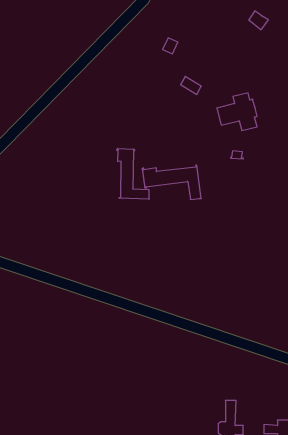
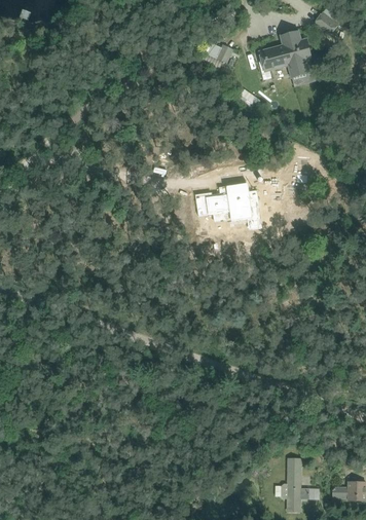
building: [217,93,257,131] -> [262,33,308,76]
building: [117,148,149,199] -> none

